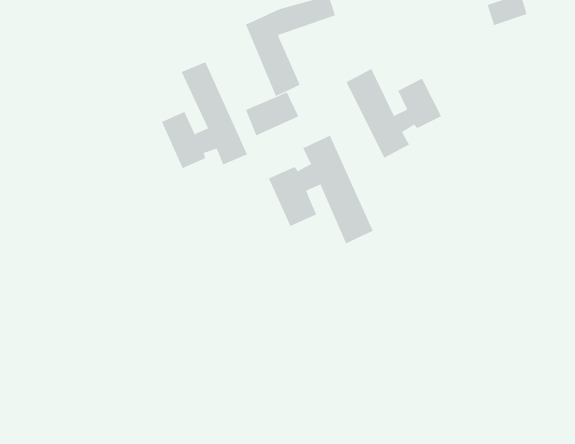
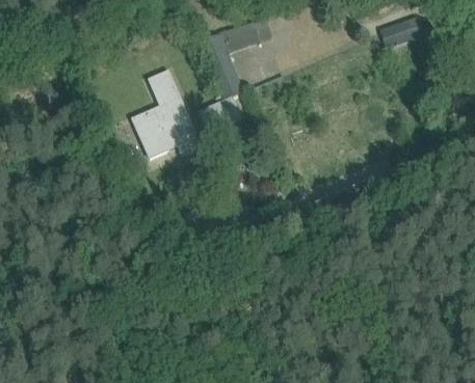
building: [346,68,442,158] -> none
building: [268,135,373,244] -> none

